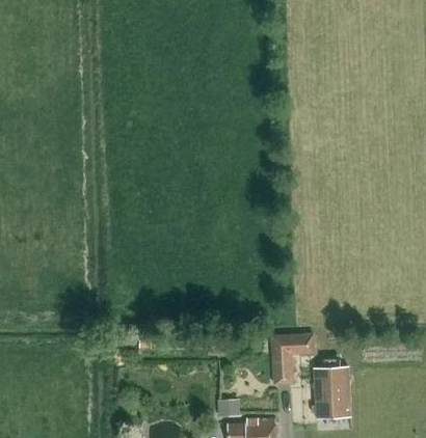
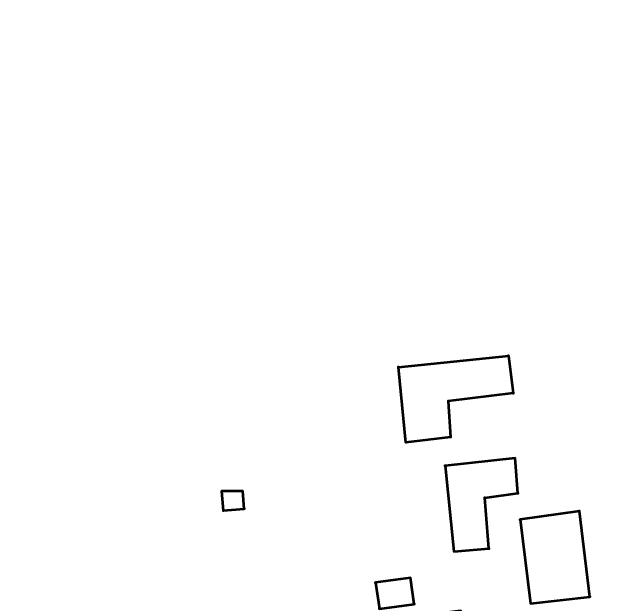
building: none -> [398,356,513,442]

